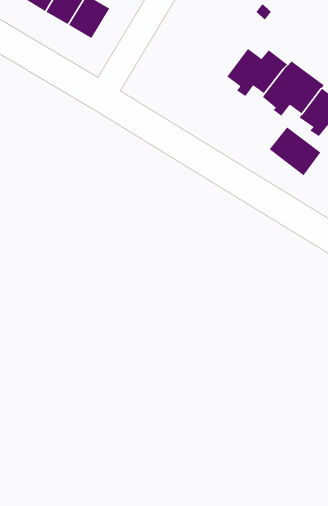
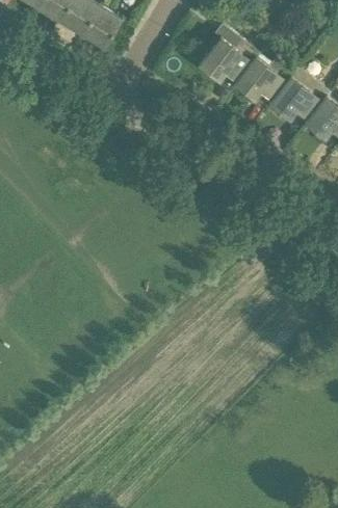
building: none -> [199,25,258,84]
building: [269,126,321,176] -> none

